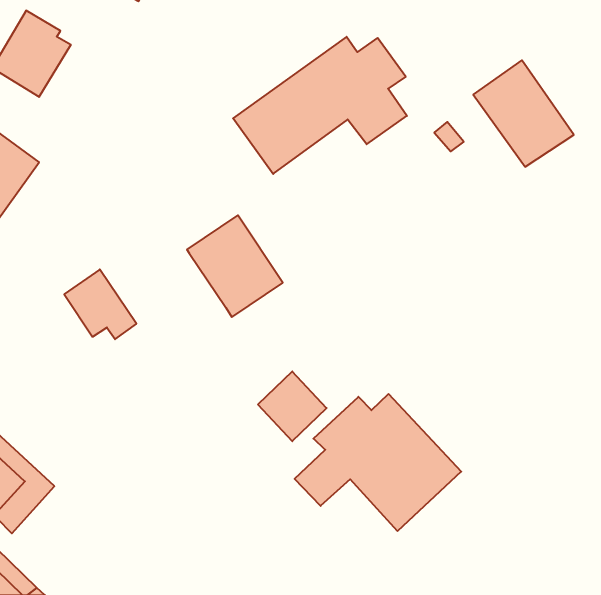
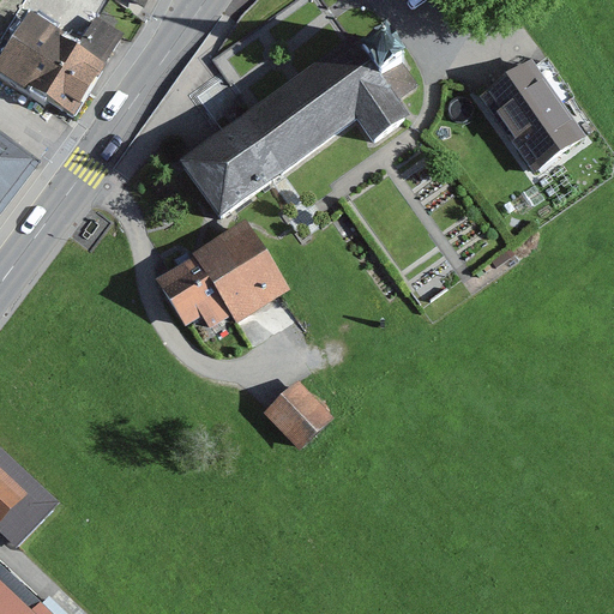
building: none -> [40,12,122,116]
building: none -> [175,120,277,221]
building: [64,269,136,339] -> [156,257,229,327]
building: [295,394,461,531] -> none

